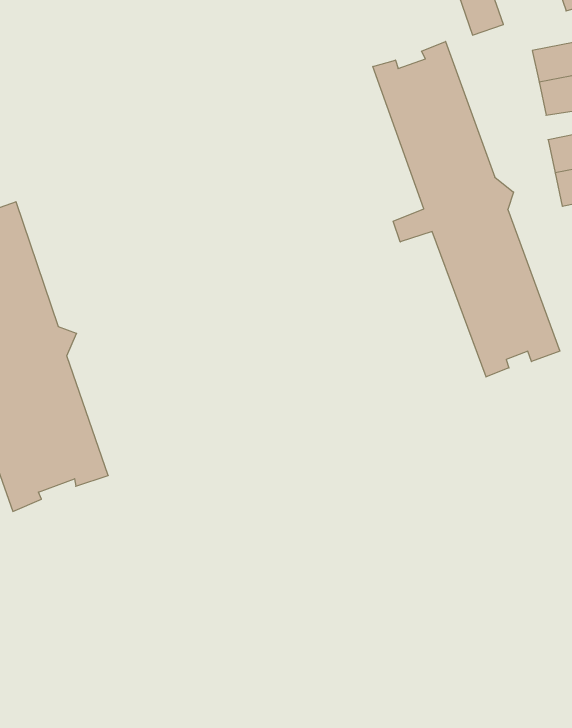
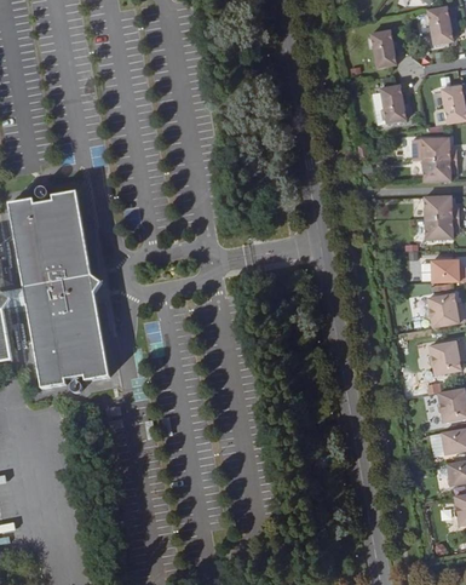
building: [373,41,560,377] -> none

